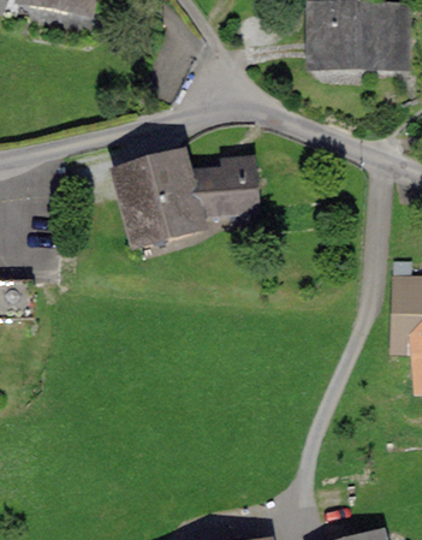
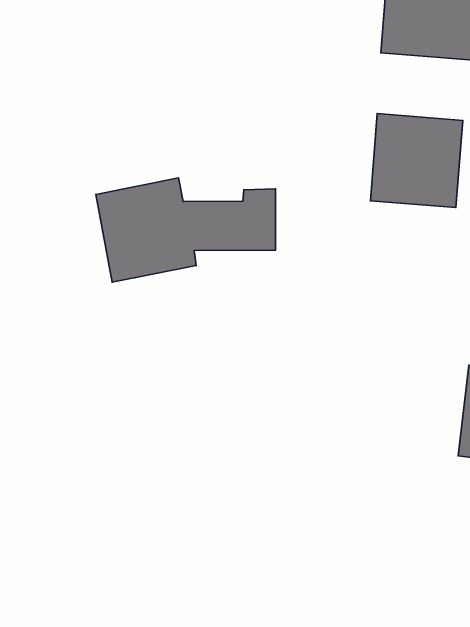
building: none -> [370,114,463,207]

